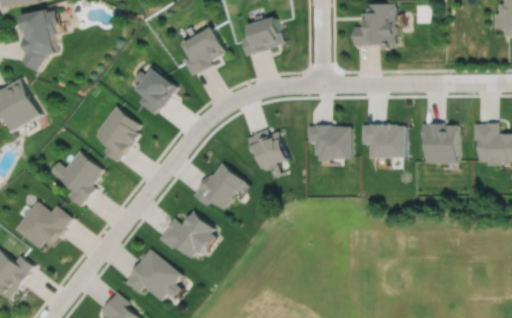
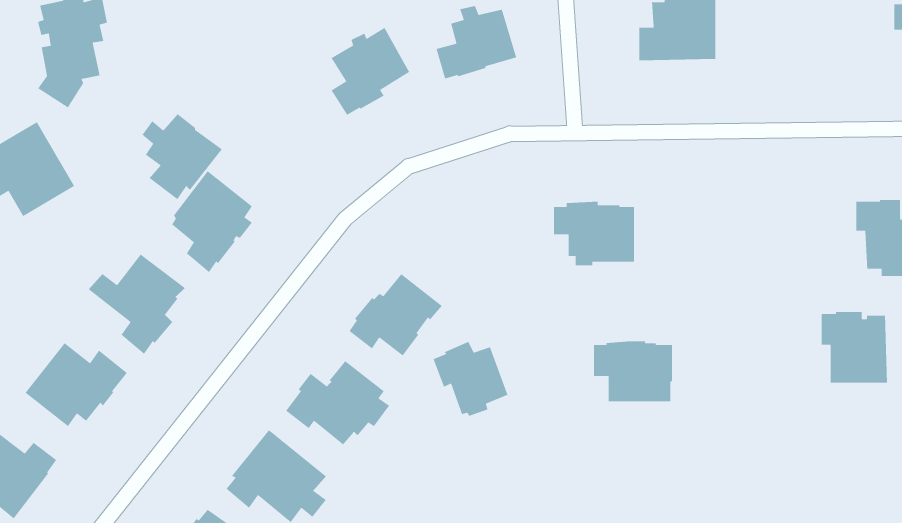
building: [134,67,179,115] -> [141,113,223,200]
building: [421,122,458,162] -> [821,311,888,384]
building: [362,123,406,157] -> [593,341,673,402]
building: [246,128,288,170] -> [433,341,509,417]

